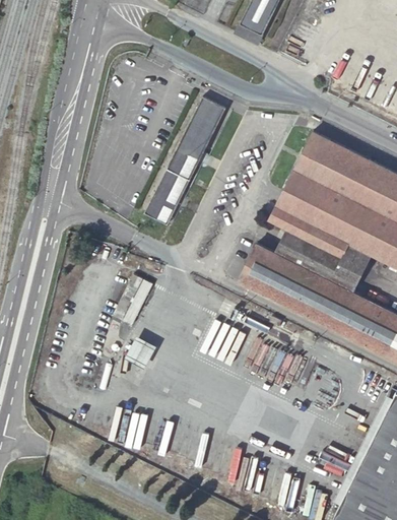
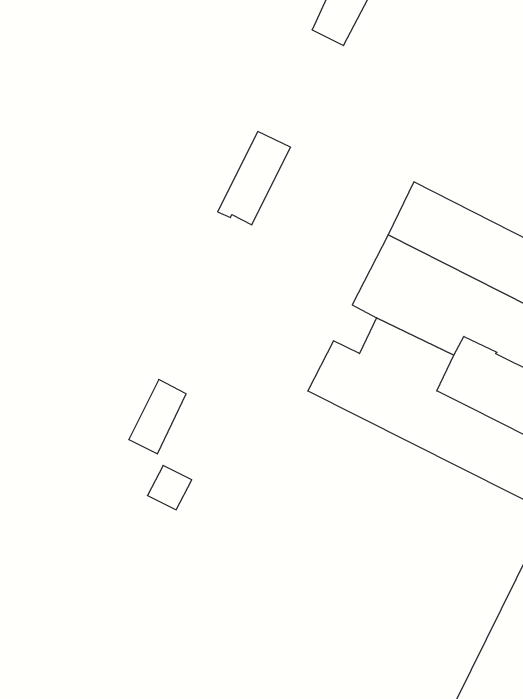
building: [143,154,198,226] -> none
building: [329,243,372,292] -> none

